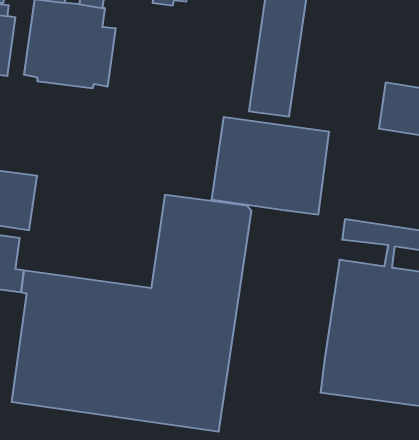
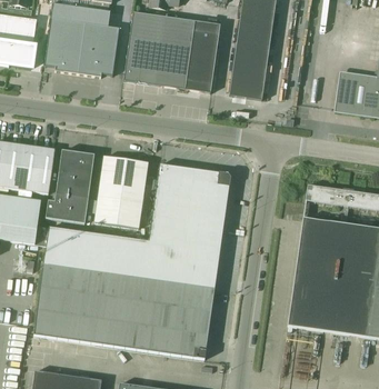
building: [211,117,329,214] -> [123,11,220,91]
building: none -> [46,149,94,222]
building: none -> [94,154,149,228]

